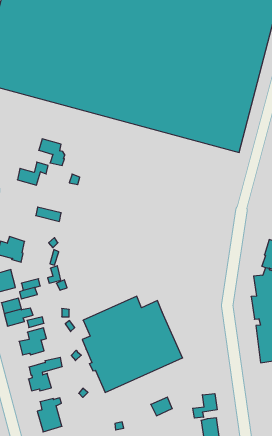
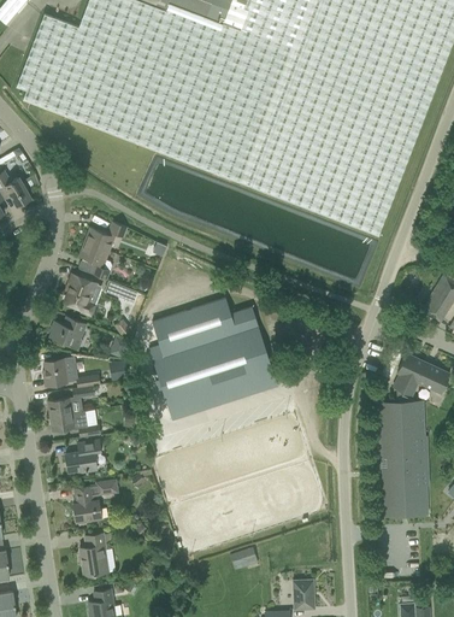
building: [39,139,65,165] -> [78,241,112,278]
building: none -> [64,274,95,316]
building: [82,296,183,392] -> [148,298,277,419]
building: [193,394,217,418] -> none

